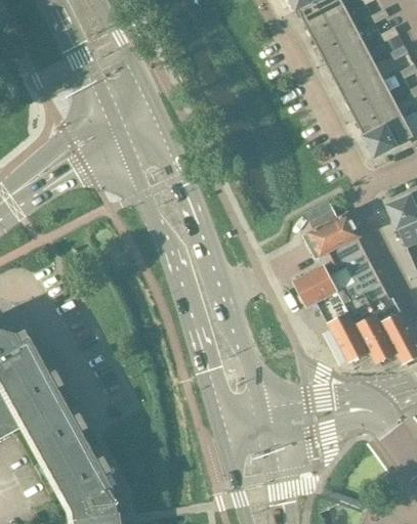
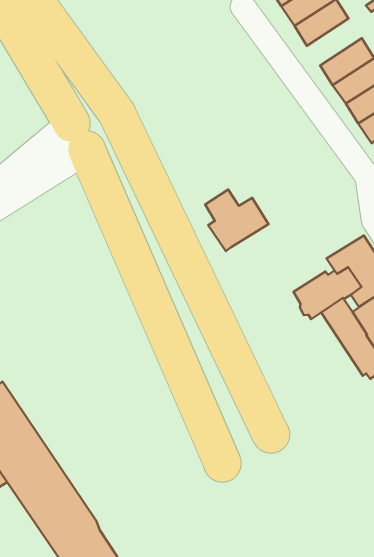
building: [326,45,375,84] -> none
building: [306,204,361,258] -> [205,190,269,251]

